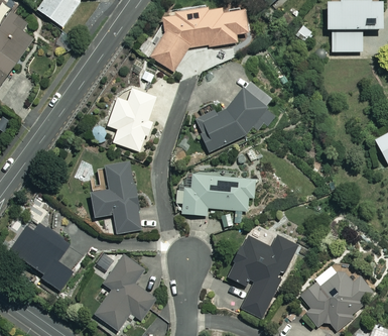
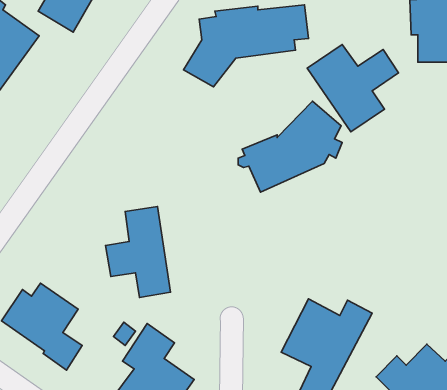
building: none -> [307,45,398,132]
building: [107,89,156,151] -> none
building: [181,175,256,216] -> none

